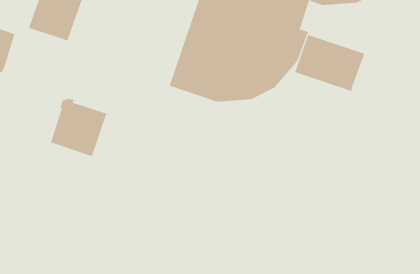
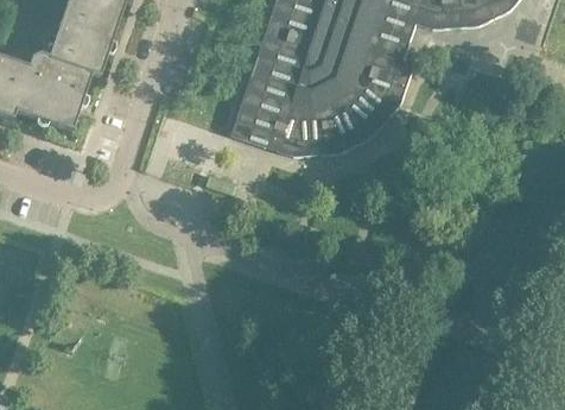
building: [295,34,365,92] -> none
building: [50,98,107,157] -> [15,50,90,127]

